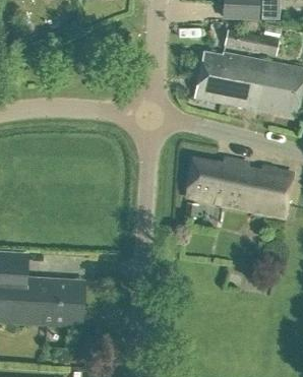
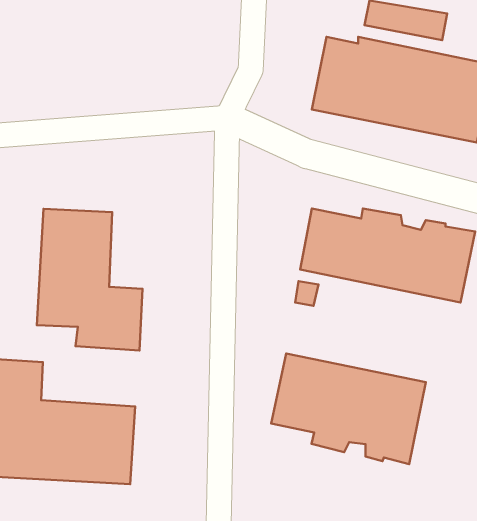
building: none -> [37,209,143,350]
building: none -> [271,353,426,464]

